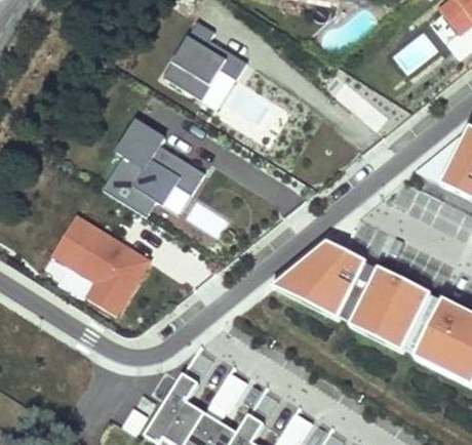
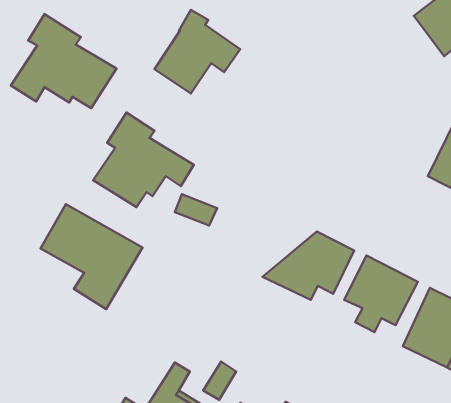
building: none -> [11,14,116,108]
building: [323,259,380,332] -> none
building: [388,291,444,357] -> none

